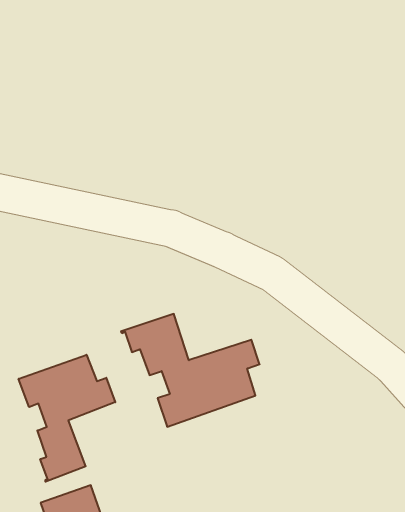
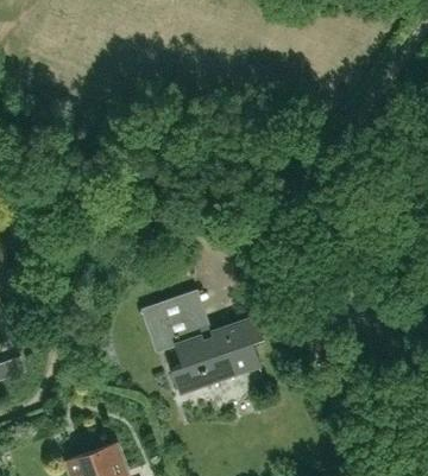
building: [19,355,115,482] -> none

